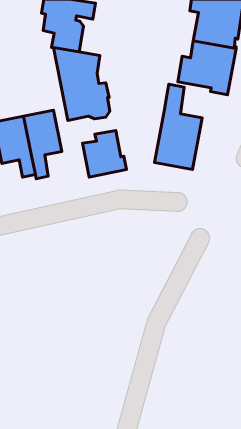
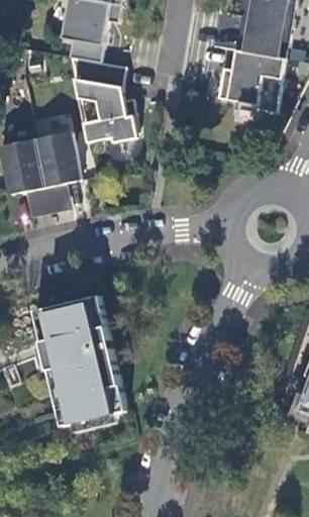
building: [154,84,202,169] -> none
building: [82,130,127,177] -> none
building: none -> [32,295,125,426]

